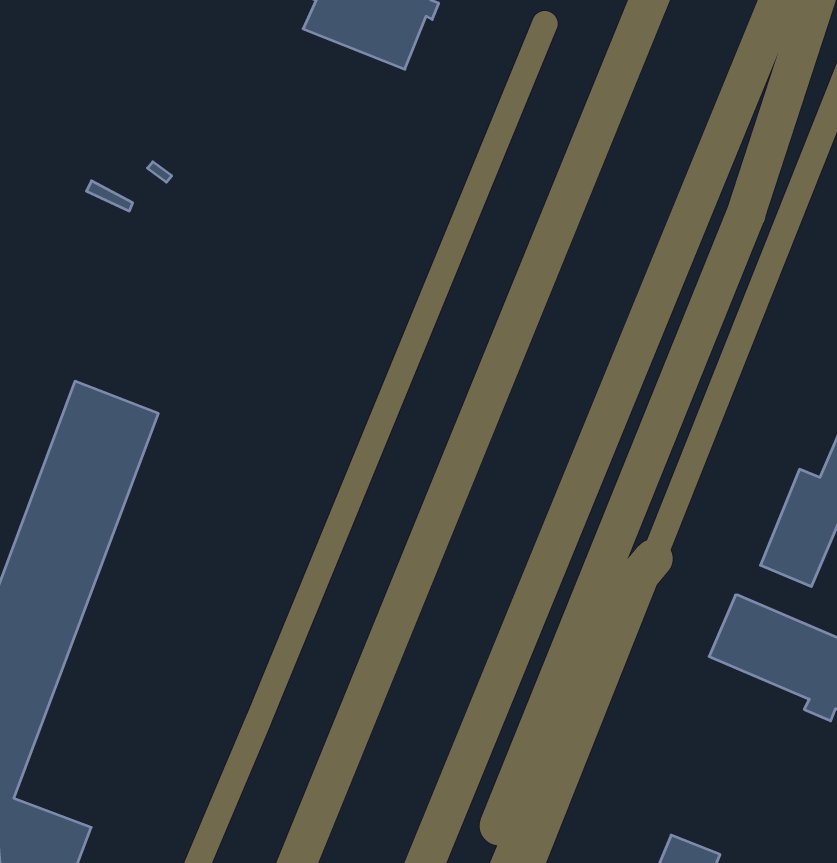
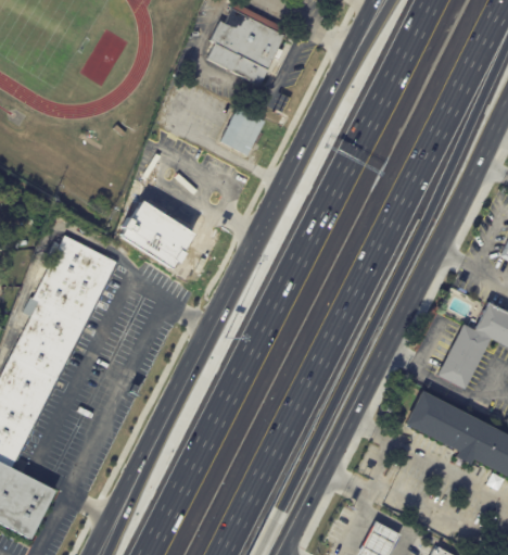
building: none -> [223,105,266,153]
building: none -> [125,199,199,268]

